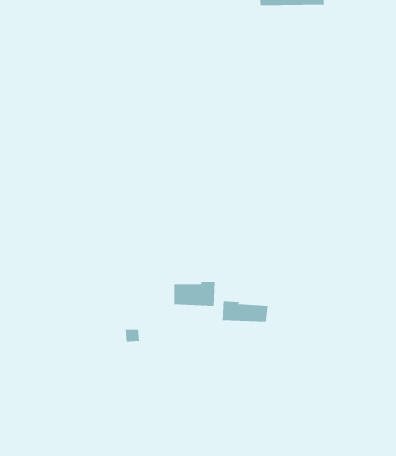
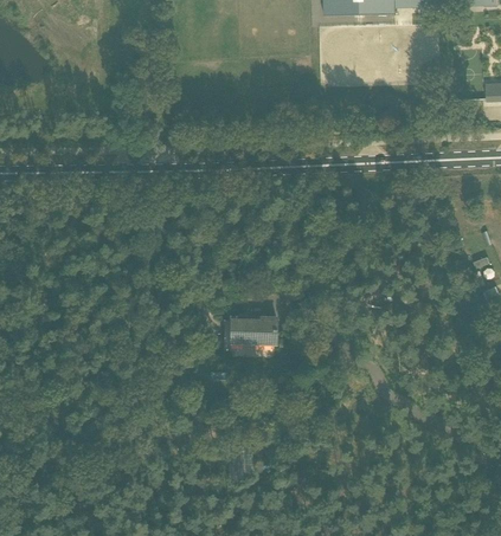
building: [222,300,268,322] -> none

